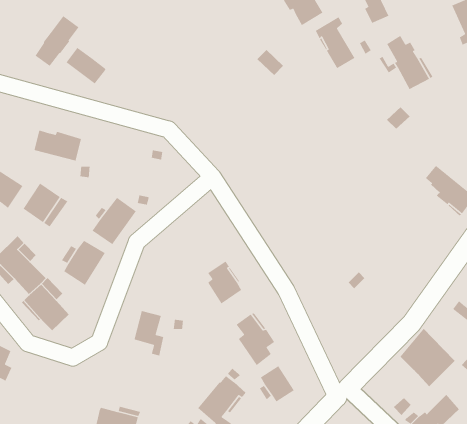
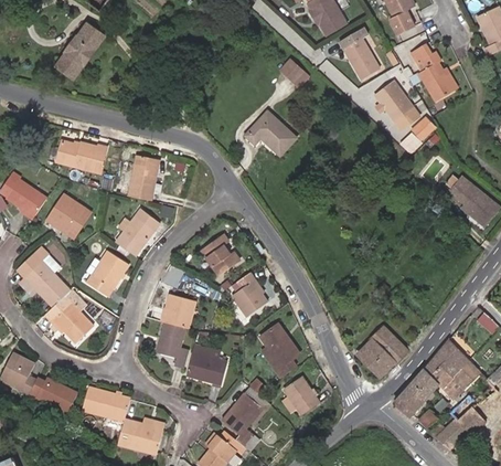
building: [65,47,107,85] -> none
building: none -> [373,80,420,131]
building: none -> [245,112,296,155]
building: none -> [127,155,157,200]
building: none -> [201,234,239,275]
building: none -> [161,293,196,328]
building: none -> [356,326,406,378]
building: none -> [185,343,227,384]
building: none -> [394,368,438,415]
building: none -> [29,377,77,416]
building: none -> [81,386,129,421]

